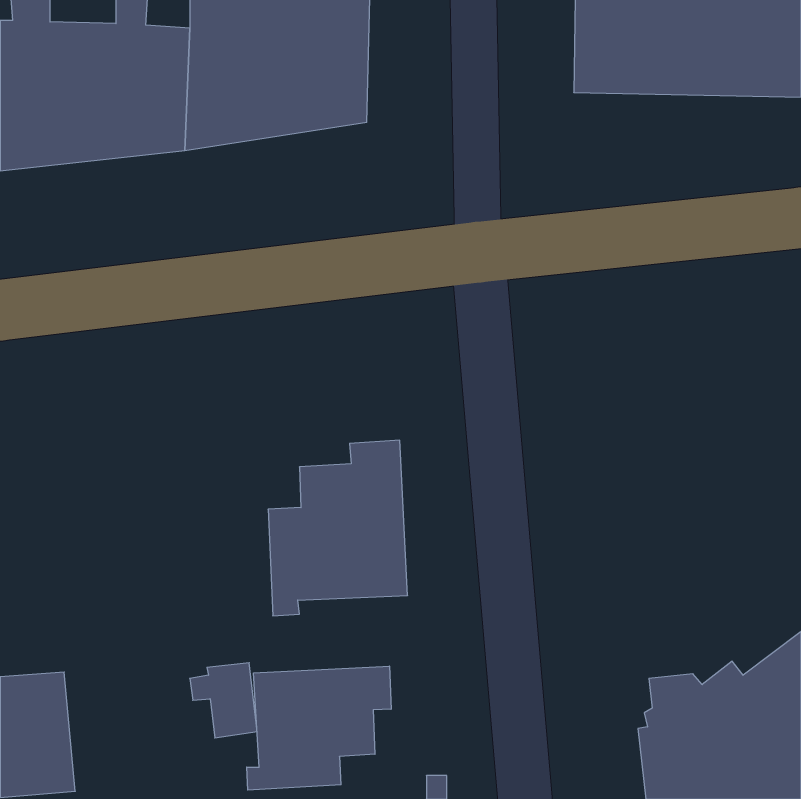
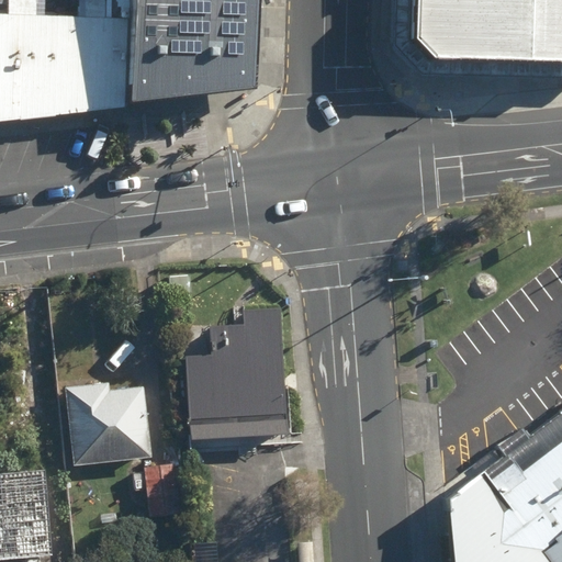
building: none -> [65,383,151,465]
building: [247,666,391,790] -> none

